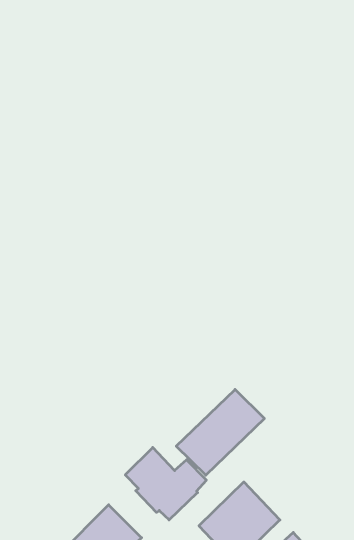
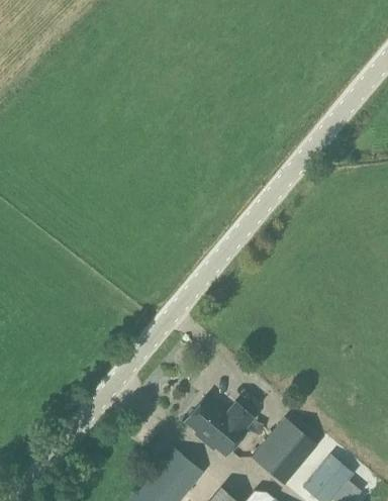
building: [176,389,264,475] -> none

